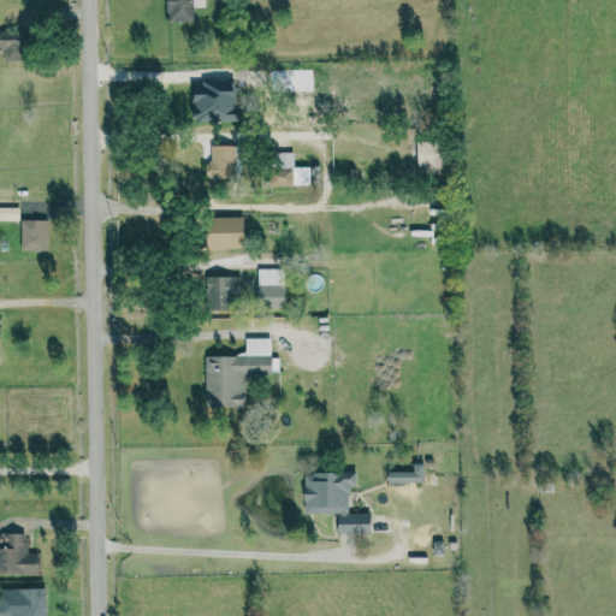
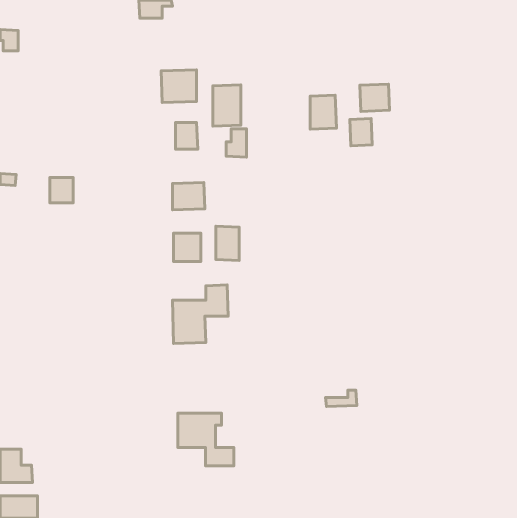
building: none -> [360,84,390,111]
building: none -> [213,85,241,126]
building: none -> [310,95,336,129]
building: [22,220,49,250] -> [50,177,73,203]
building: [304,472,371,534] -> [178,413,234,466]

